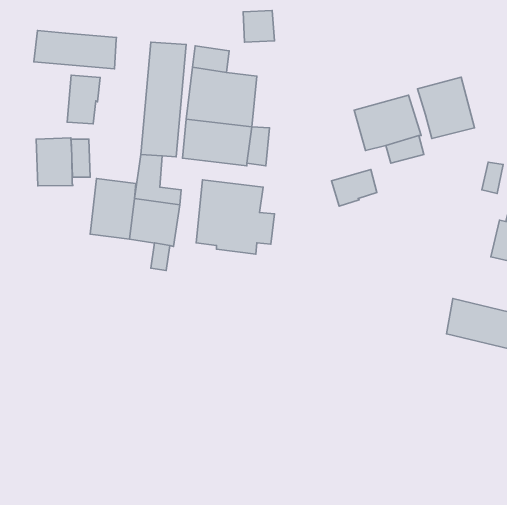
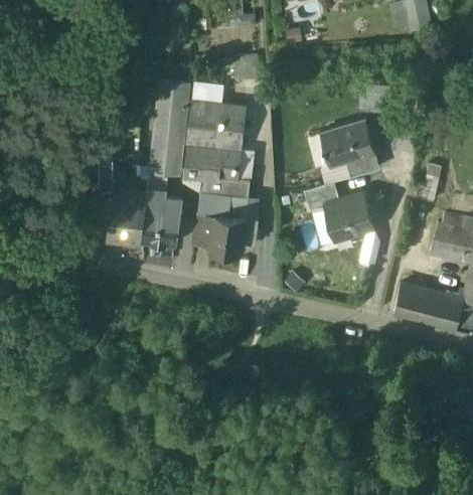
building: [34,30,117,69] -> none
building: [67,75,100,124] -> none
building: [418,77,475,138] -> none
building: [36,138,73,186] -> none
building: none -> [200,175,251,196]
building: none -> [324,193,375,240]

